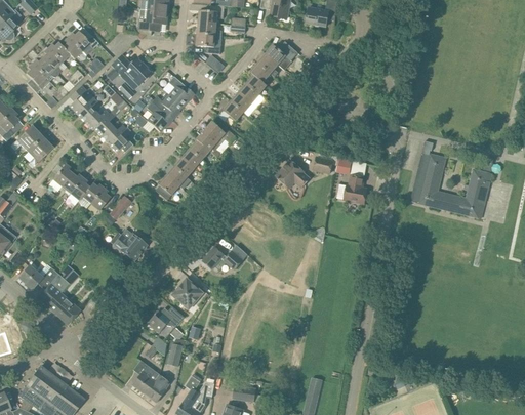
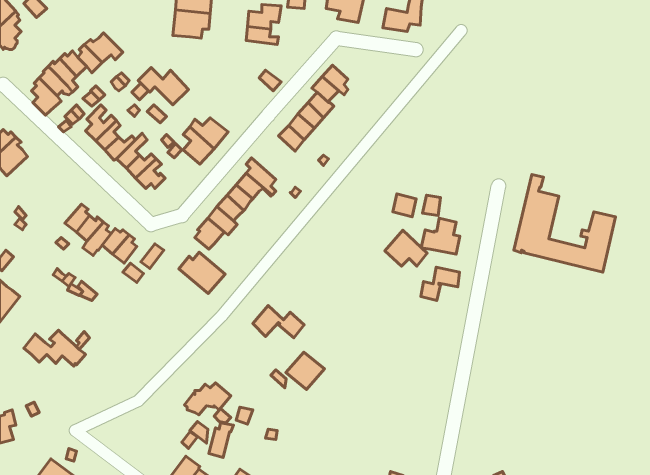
building: [196,34,221,54] -> none
building: [266,41,298,71] -> none
building: [168,77,193,107] -> none
building: [201,122,242,144] -> none
building: [10,126,53,168] -> none
building: [275,158,309,186] -> [385,230,427,266]
building: none -> [421,267,460,300]
building: [110,229,147,261] -> [179,252,225,293]
building: [172,278,203,307] -> [286,352,324,389]
building: [39,285,80,325] -> none

